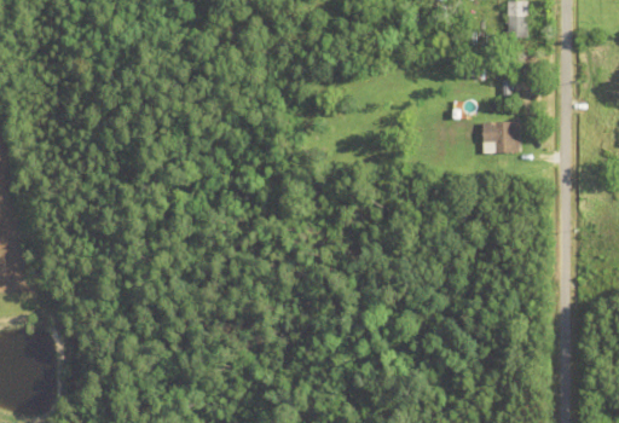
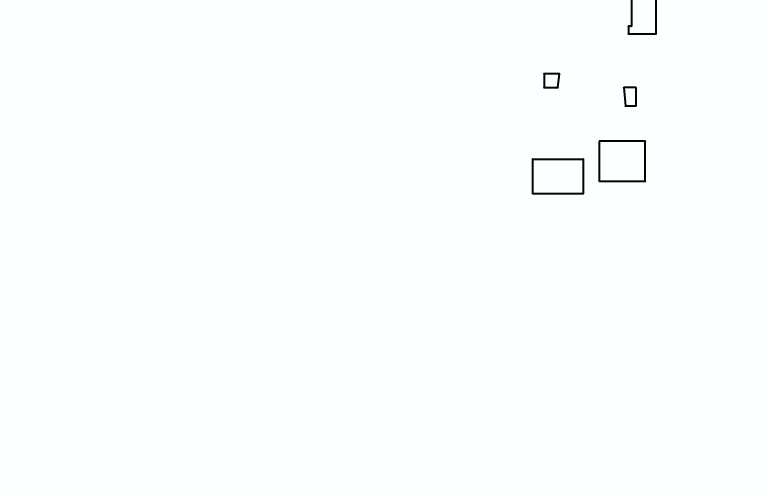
building: none -> [533,159,583,194]

